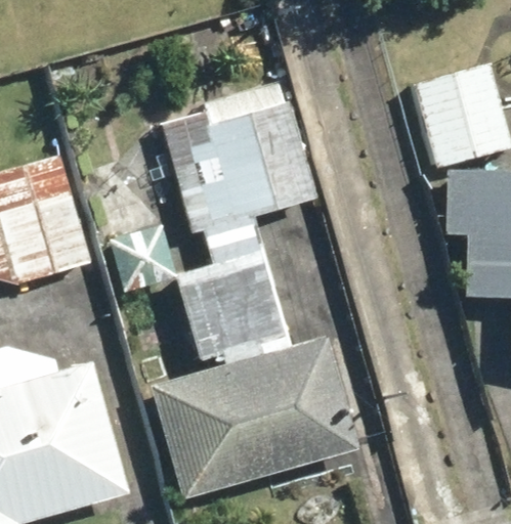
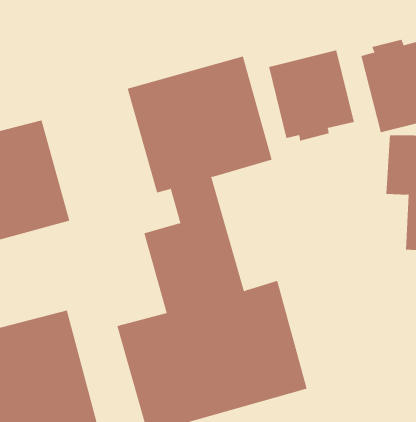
building: none -> [268,50,355,141]

